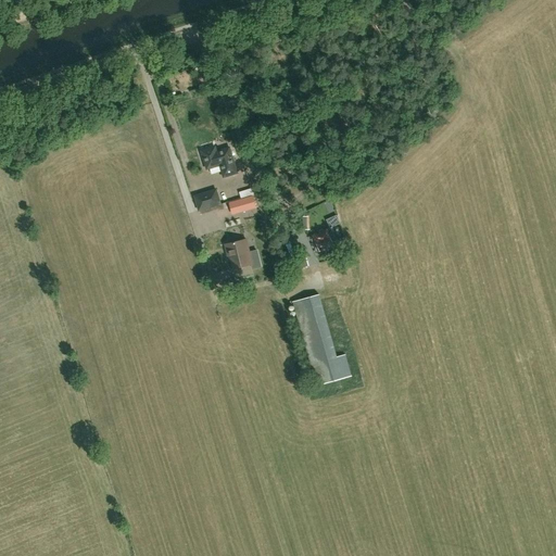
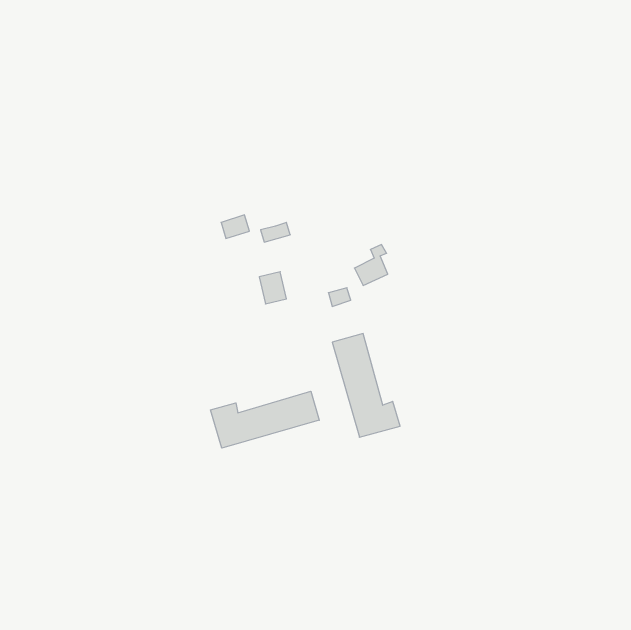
building: [203,148,237,176] -> none
building: none -> [210,391,319,448]

